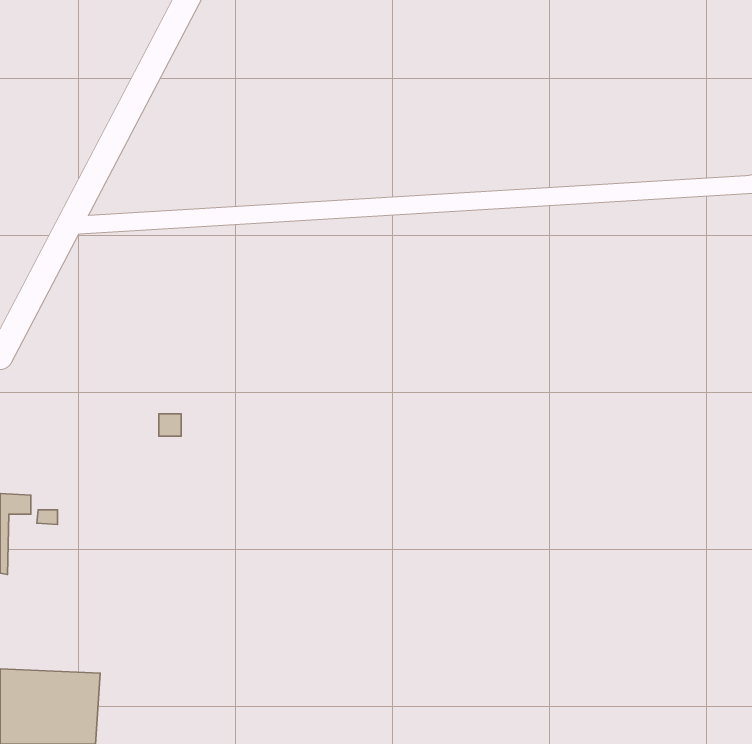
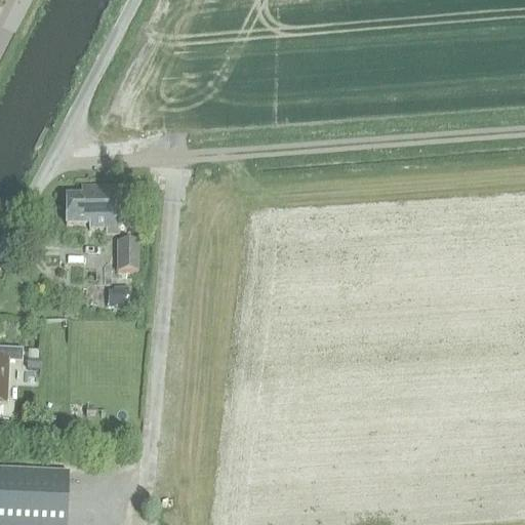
building: none -> [64,181,116,231]
building: none -> [116,238,134,267]

